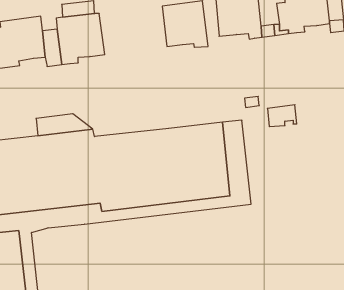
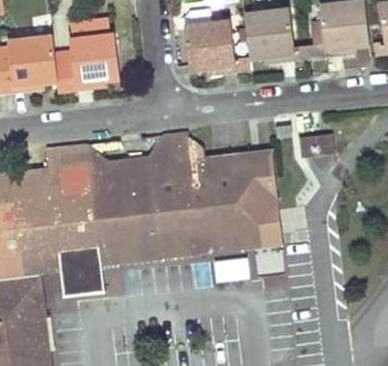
building: none -> [108,133,191,169]
building: none -> [59,266,101,296]

